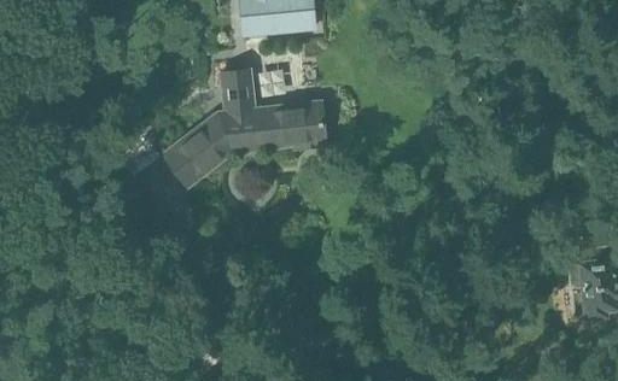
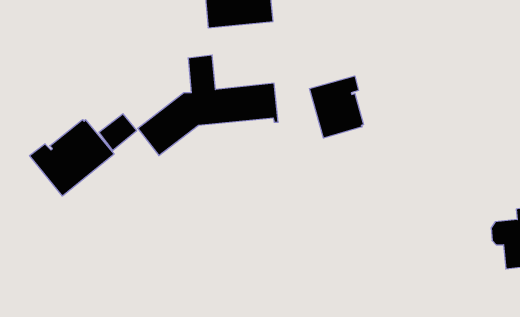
building: none -> [310,76,363,138]
building: none -> [30,120,114,196]

